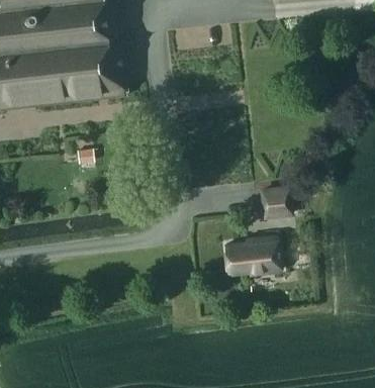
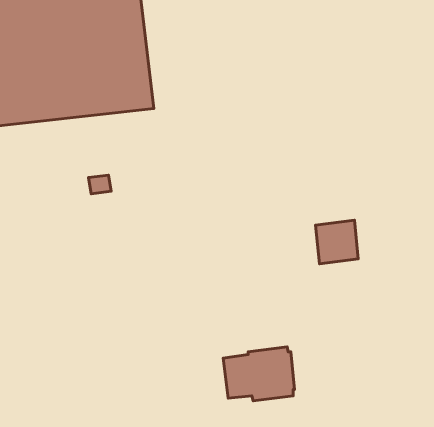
building: [220,233,278,277] -> [223,347,295,401]

